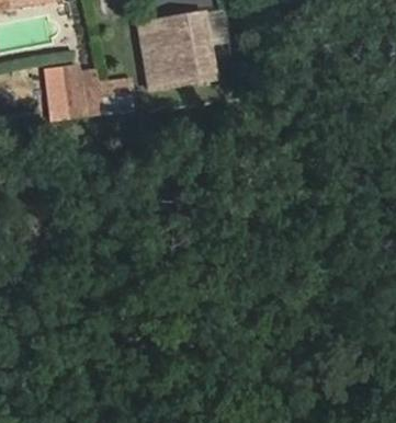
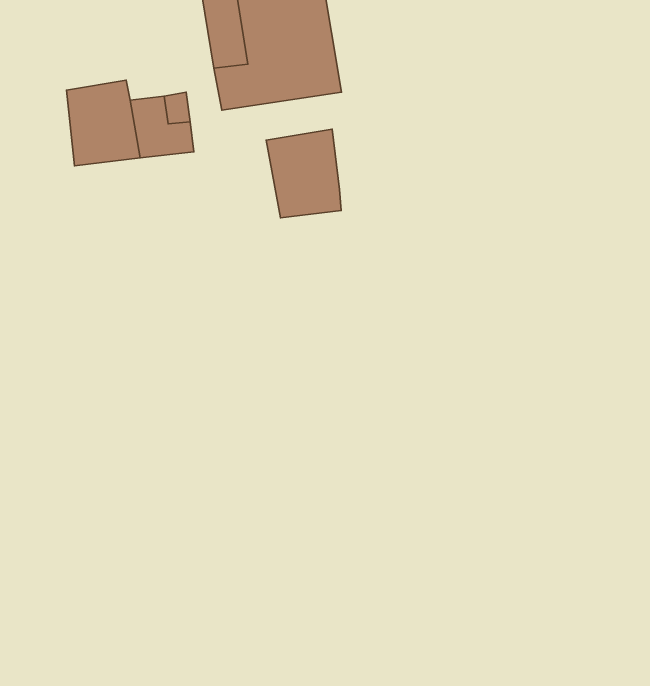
building: [42,77,68,121] -> none
building: none -> [266,129,341,218]

